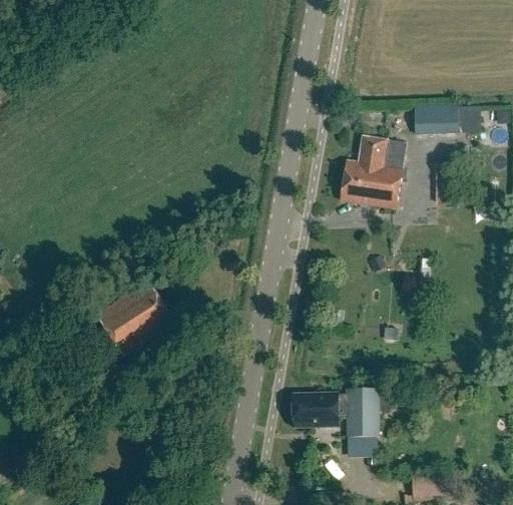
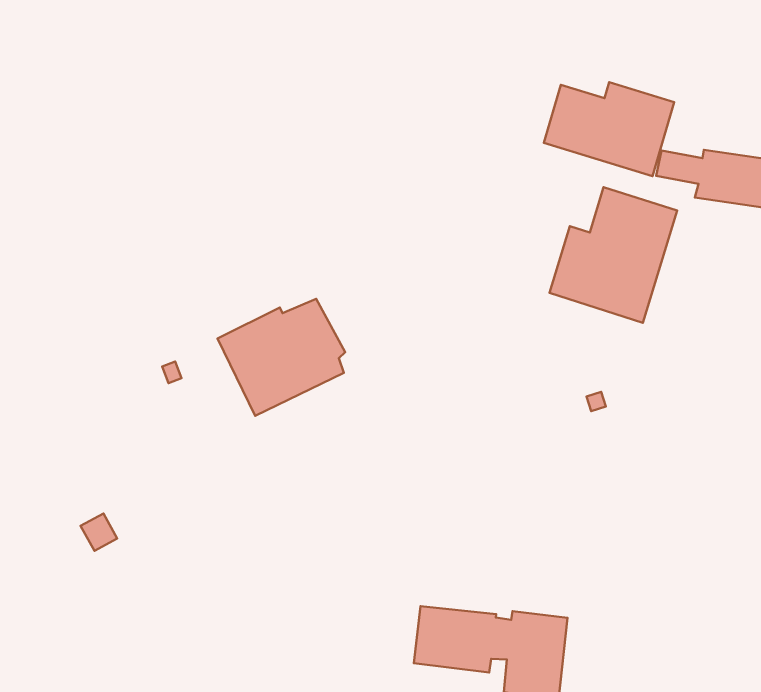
building: none -> [544,82,674,176]
building: [95,284,170,356] -> [218,299,345,416]

